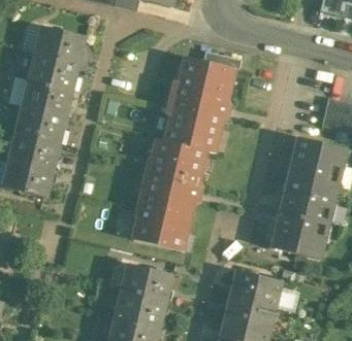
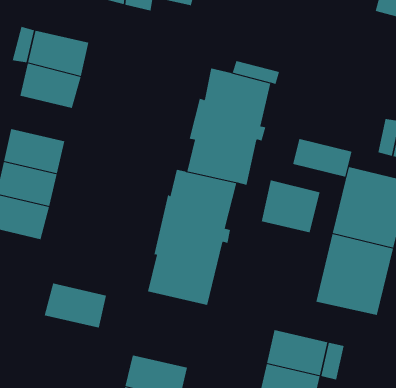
building: [22,79,72,116] -> none
building: none -> [293,138,352,178]
building: none -> [261,179,320,233]
building: [121,264,172,301] -> [44,283,107,328]

